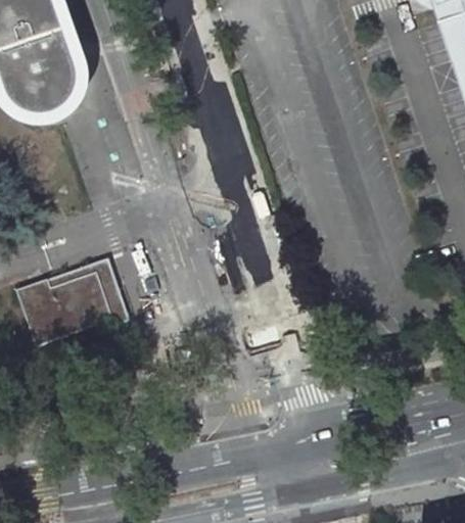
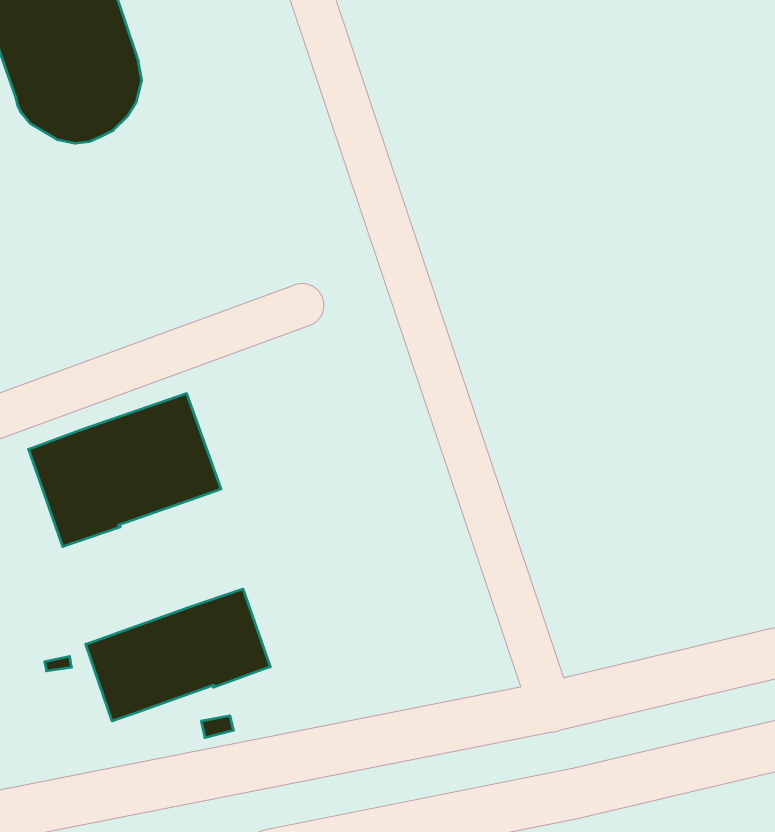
building: none -> [86,589,270,721]

